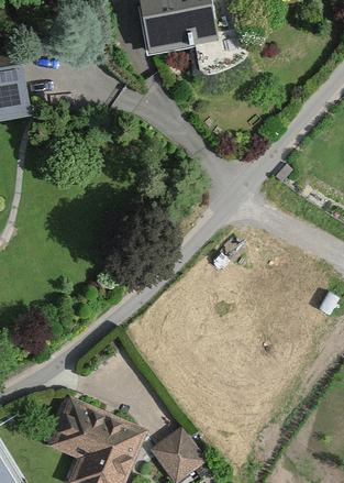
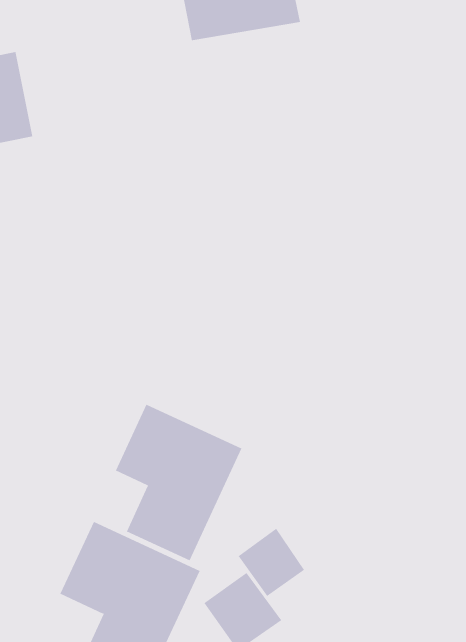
building: none -> [115,404,242,561]
building: none -> [238,528,305,597]

